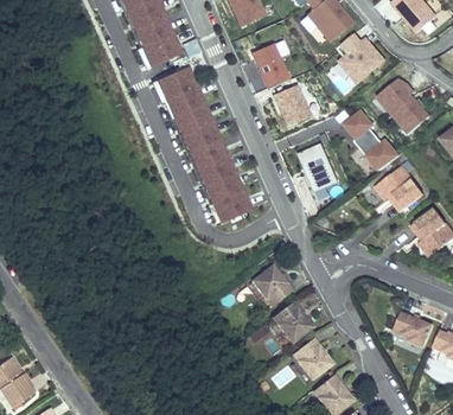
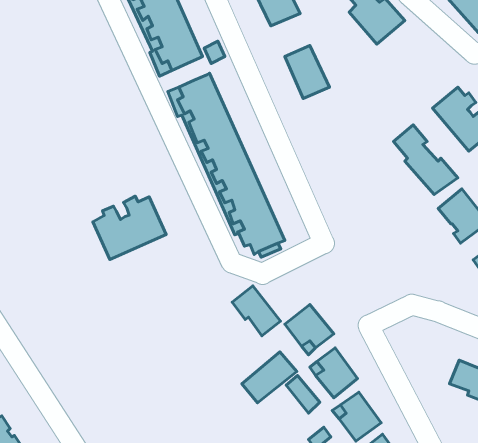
building: [336,33,384,81] -> none
building: [274,84,311,124] -> none
building: [298,142,338,191] -> none
building: none -> [93,196,166,260]
building: none -> [232,286,280,336]
building: none -> [242,352,297,403]

